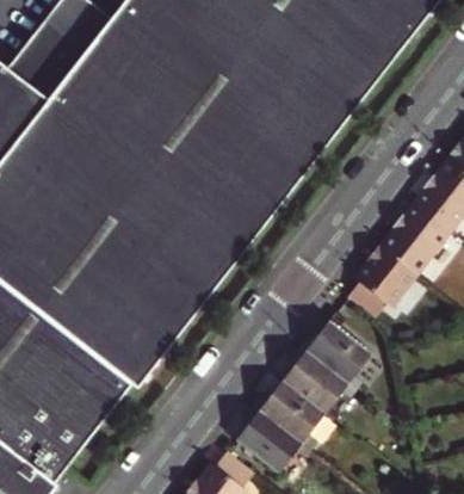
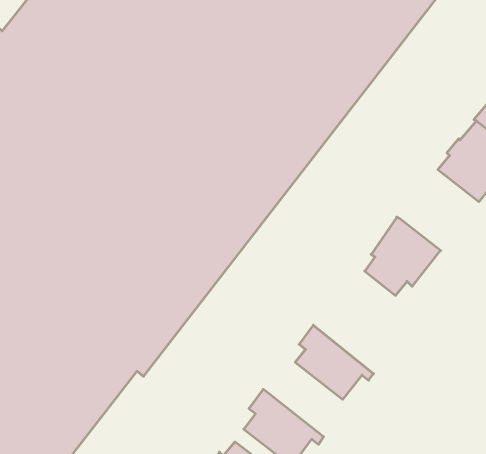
building: [375,199,448,274] -> none
building: [295,320,369,389] -> none
building: [248,378,322,447] -> none

